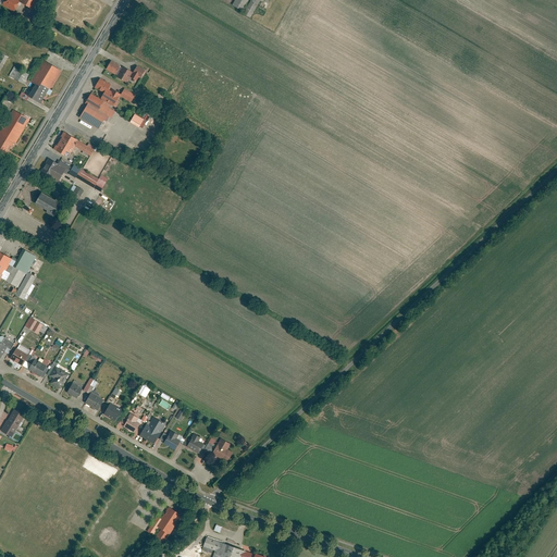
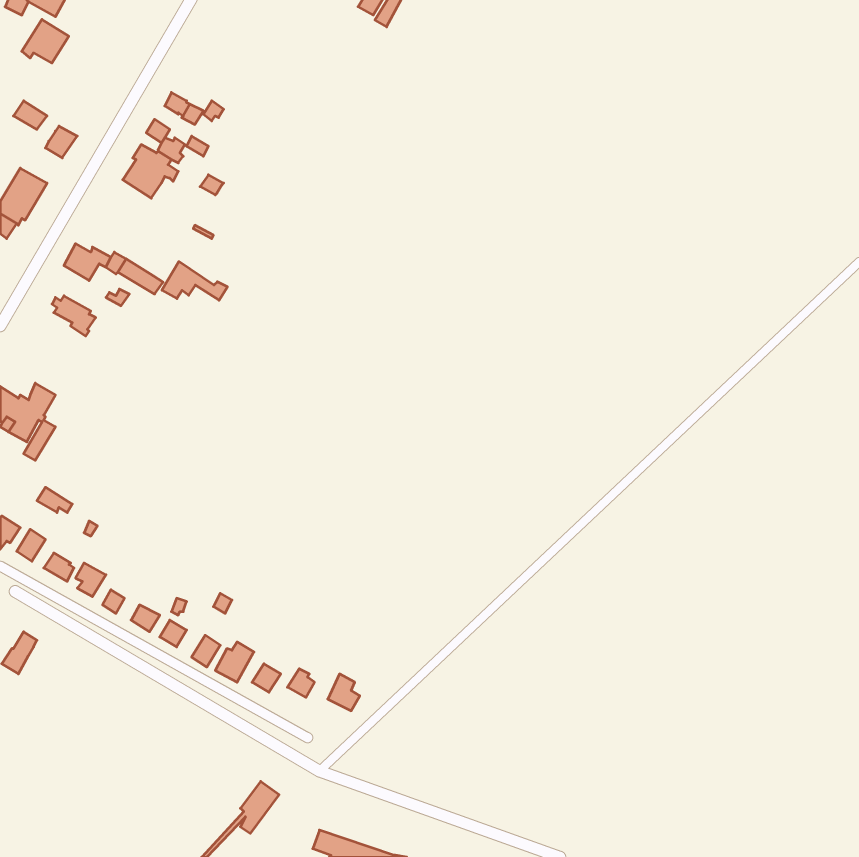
building: [30,60,61,88] -> [22,19,69,63]
building: [53,131,96,156] -> [162,262,227,300]

